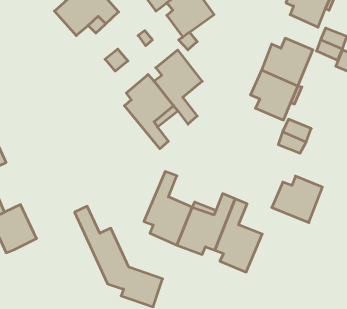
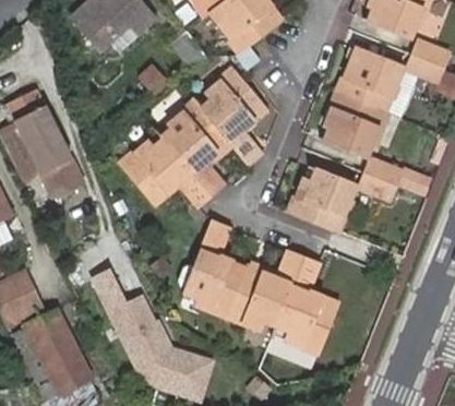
building: none -> [7,88,84,196]
building: none -> [116,139,207,205]
building: [272,176,322,223] -> [287,170,352,230]
building: none -> [20,306,94,396]

